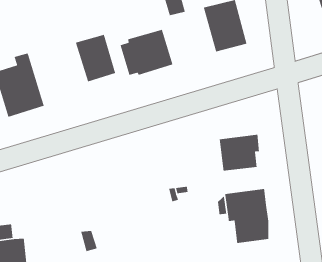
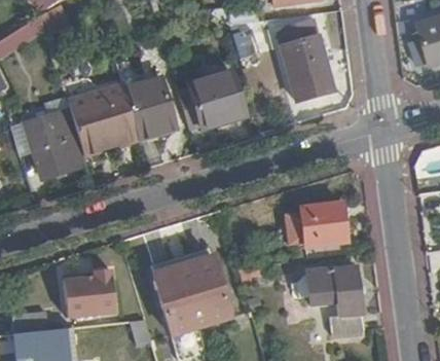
building: none -> [67,85,139,156]
building: none -> [150,246,230,334]
building: none -> [63,269,115,316]

